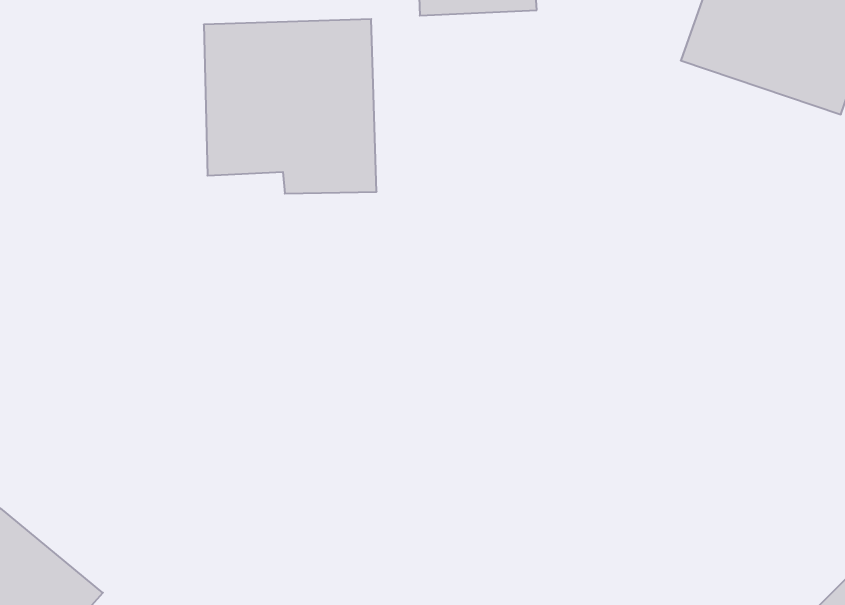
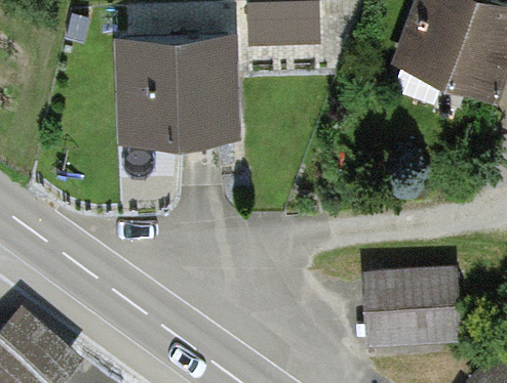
building: none -> [365,276,457,341]

